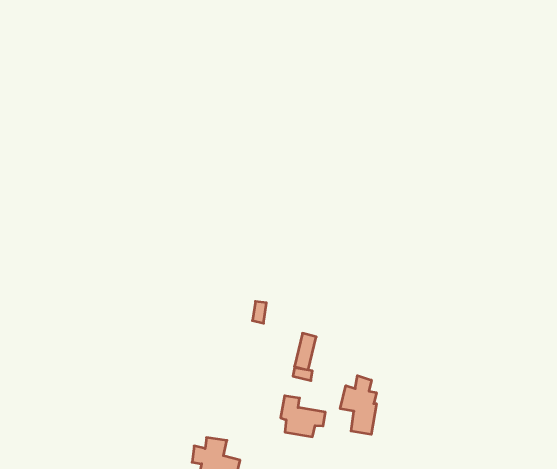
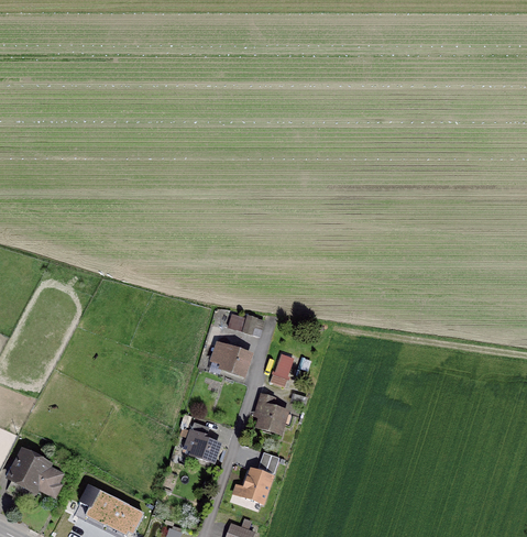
building: none -> [212,344,251,375]
building: [340,376,376,434] -> none

